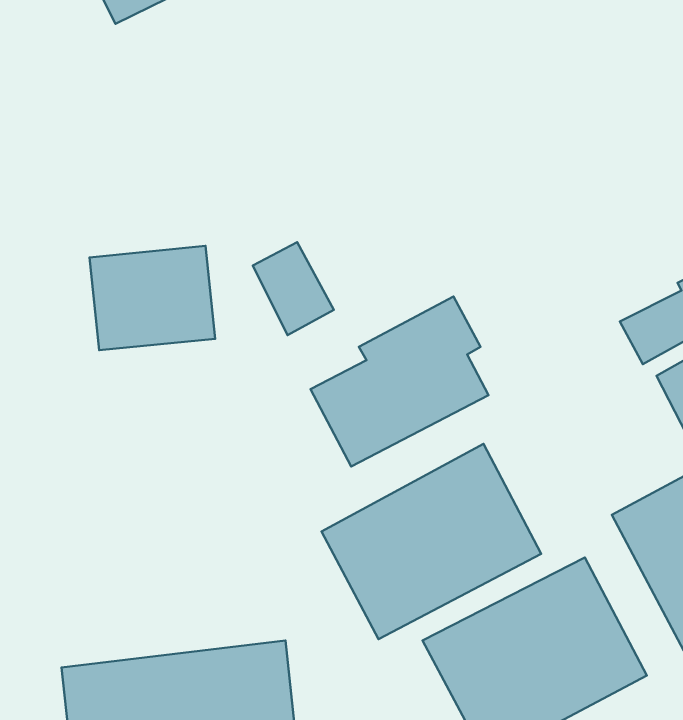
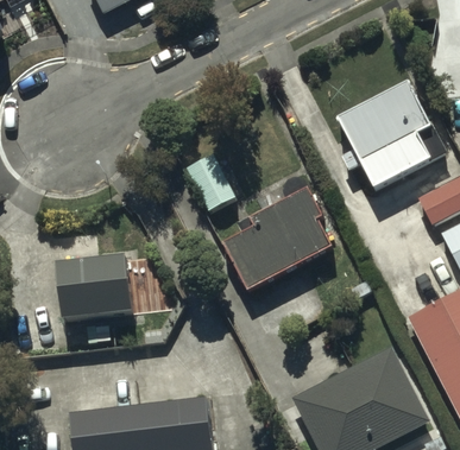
building: none -> [333,81,434,192]
building: [89,246,215,350] -> [58,252,136,316]
building: [321,444,541,639] -> none

